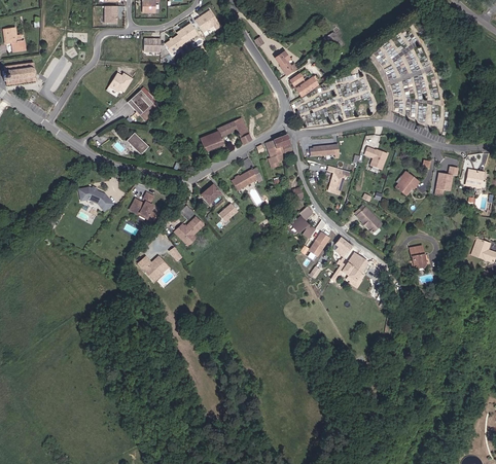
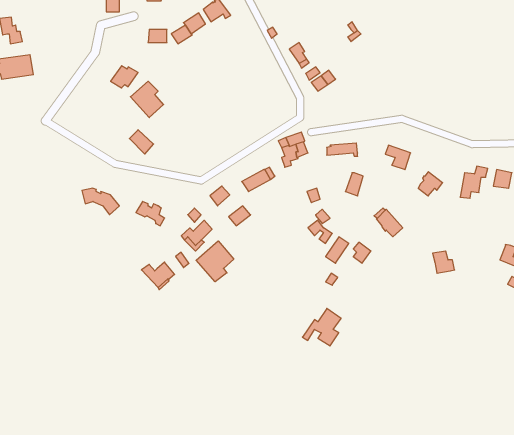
building: [200,117,251,150] -> none
building: none -> [196,241,234,282]
building: [331,252,367,287] -> [302,308,341,346]

